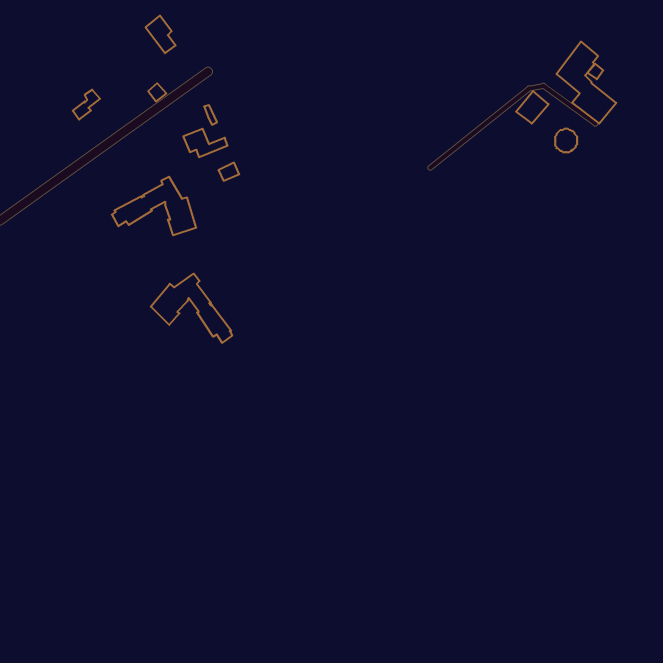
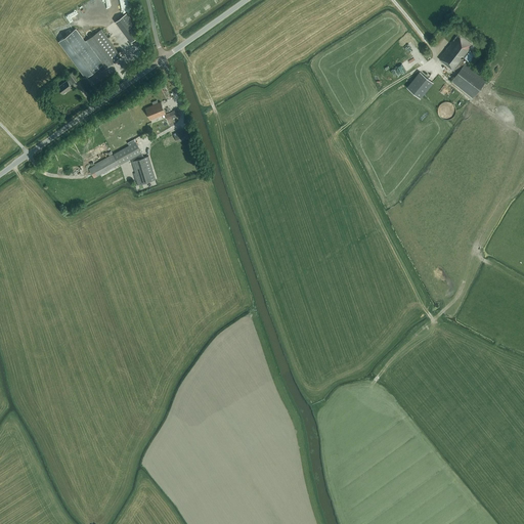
building: none -> [57,30,121,79]
building: [151,274,232,343] -> none

